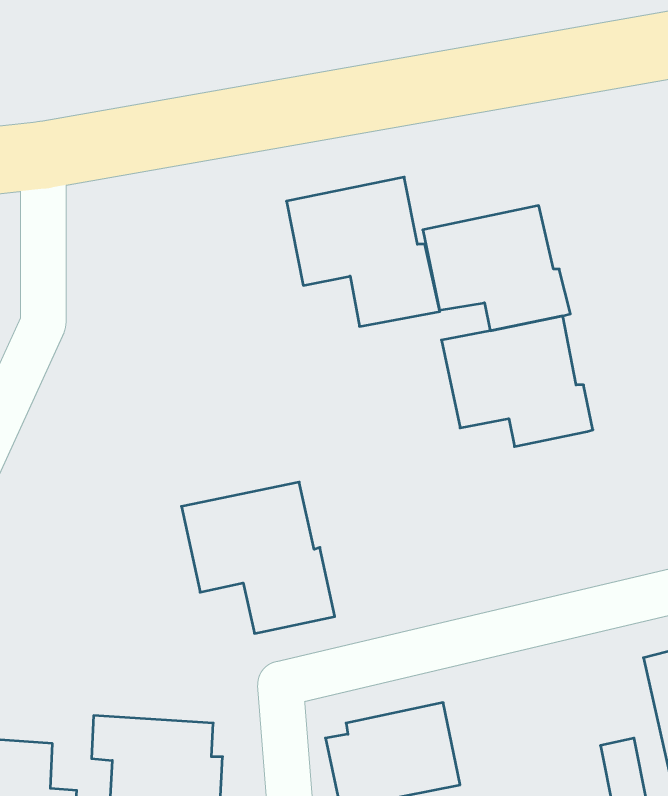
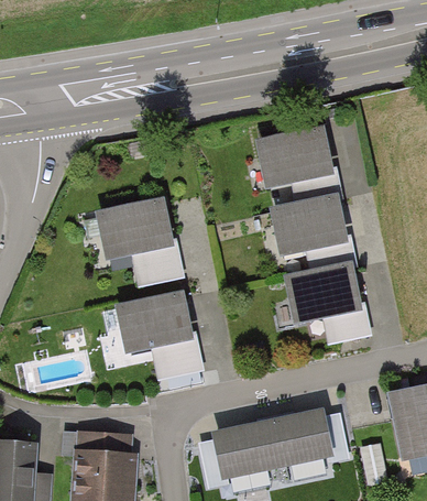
building: [286,177,440,326] -> [96,197,186,285]
building: none -> [284,261,372,344]
building: none -> [269,409,351,469]

